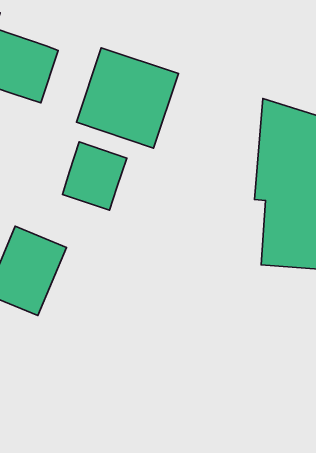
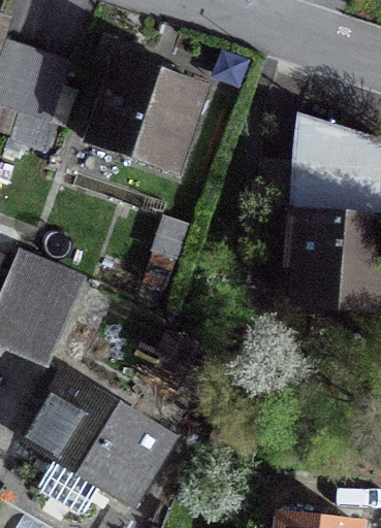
building: [63,142,127,210] -> none
building: none -> [31,375,170,501]

